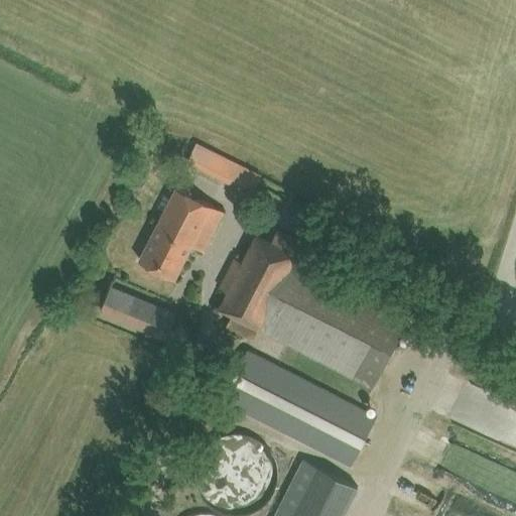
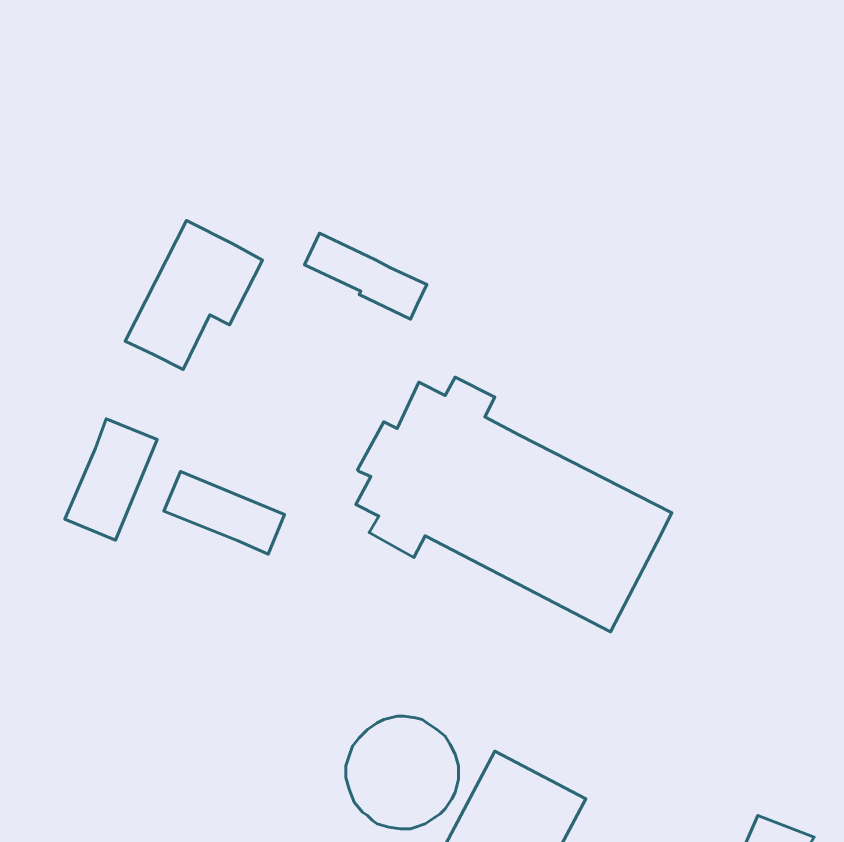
building: [139,188,223,279] -> [125,221,263,369]
building: none -> [65,419,157,540]
building: [221,352,375,467] -> none

